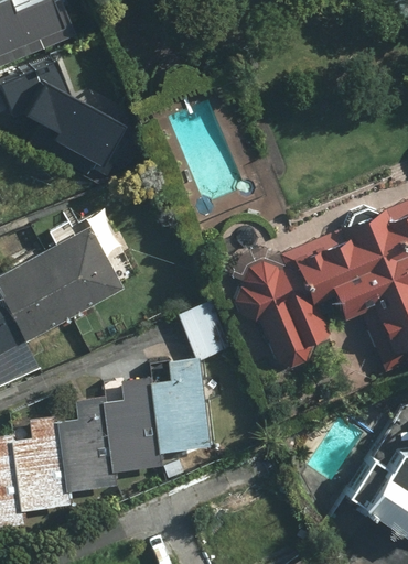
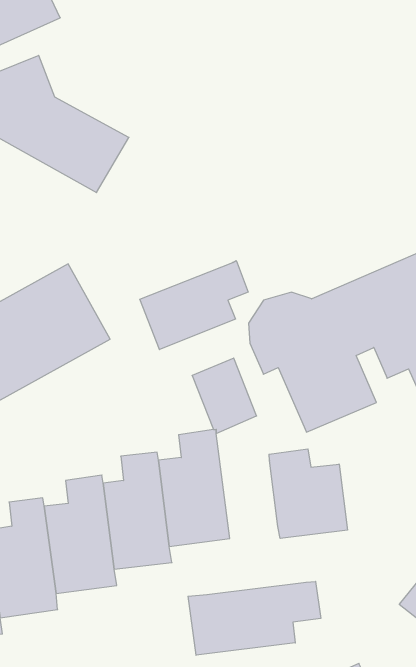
building: none -> [140,261,248,350]
building: none -> [269,449,347,538]
building: none -> [188,581,321,655]

